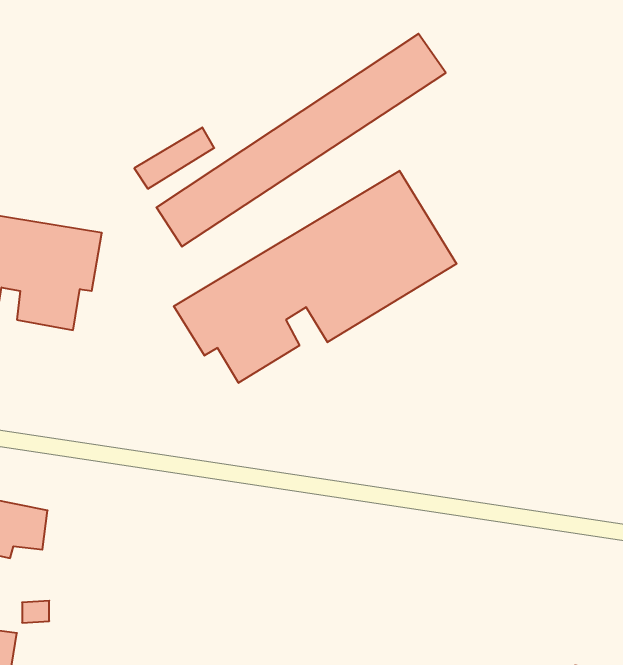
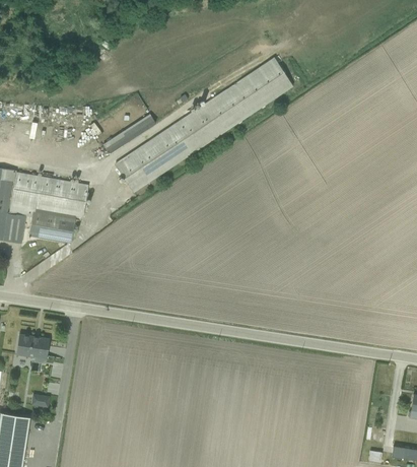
building: [174,171,457,383] -> none

